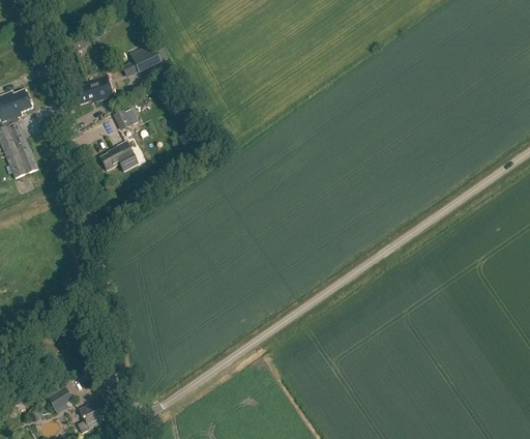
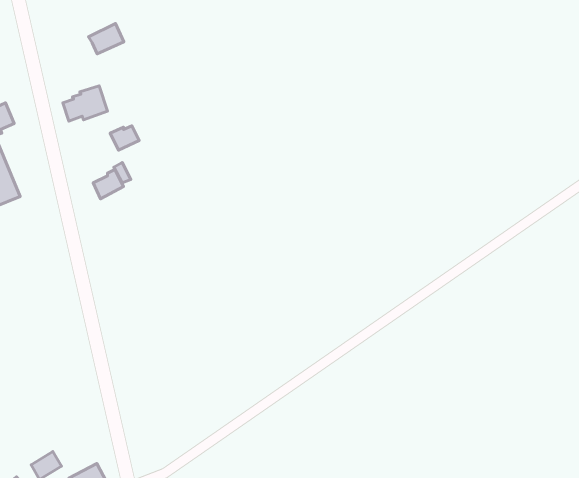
building: [130,46,160,71] -> [89,24,124,54]

